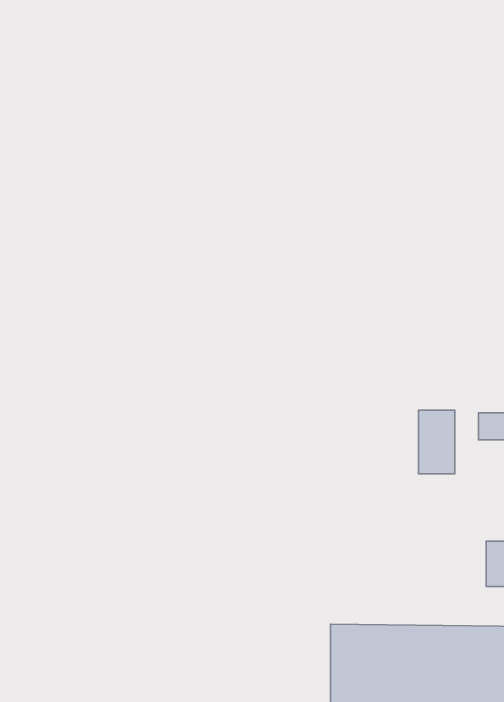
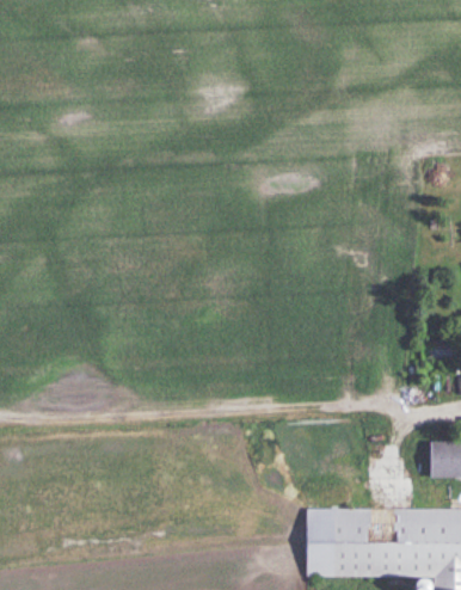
building: [419,410,455,474] -> none

